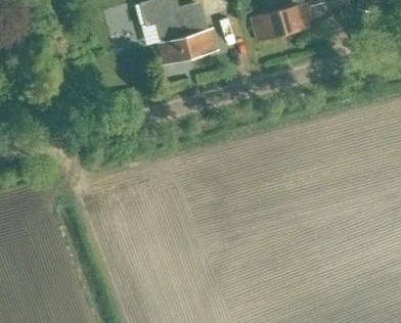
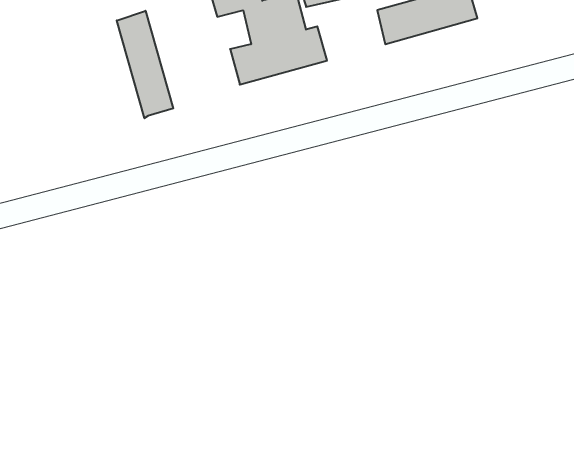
building: none -> [117,11,173,118]

